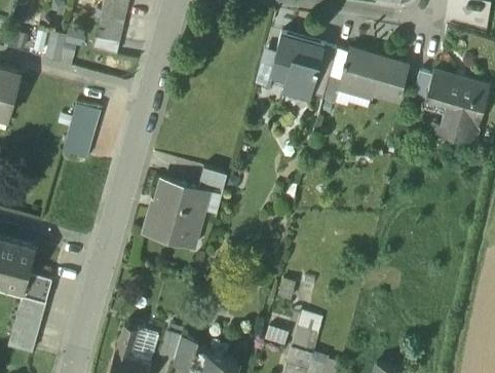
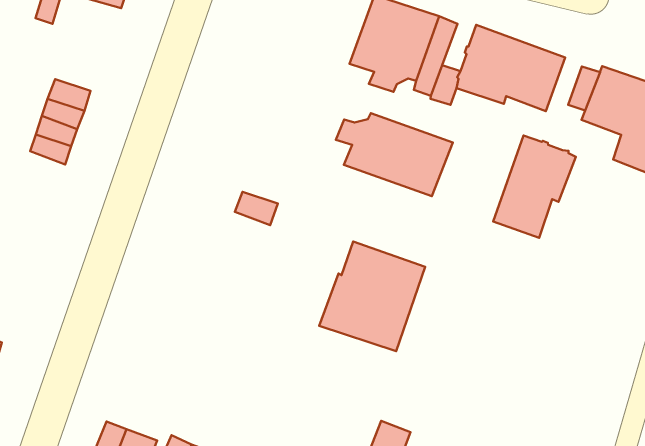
building: none -> [336,113,453,196]
building: none -> [493,135,576,238]
building: [143,179,210,249] -> [319,242,425,351]

